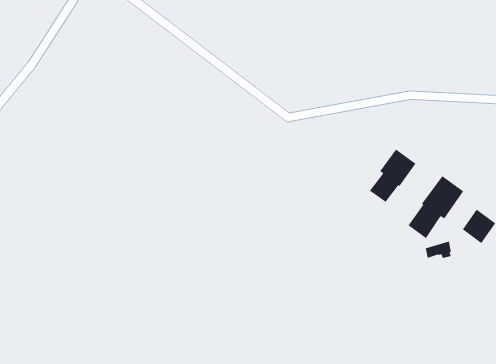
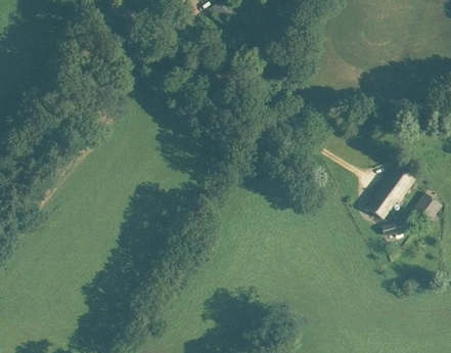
building: [369,149,416,203] -> none

